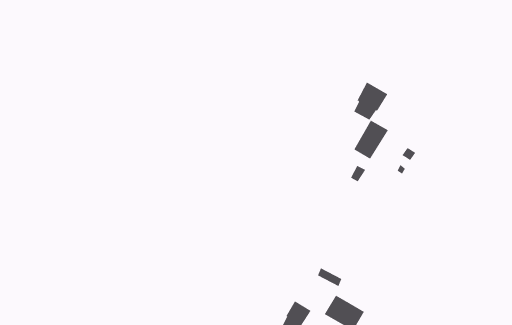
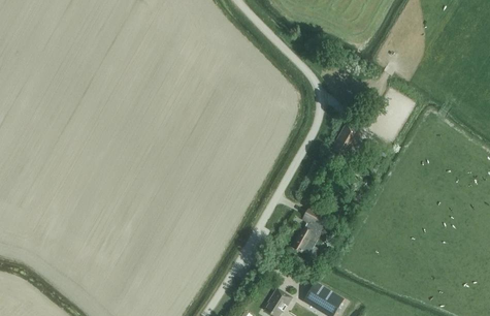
building: [354,82,388,121] -> none
building: none -> [293,210,325,258]

